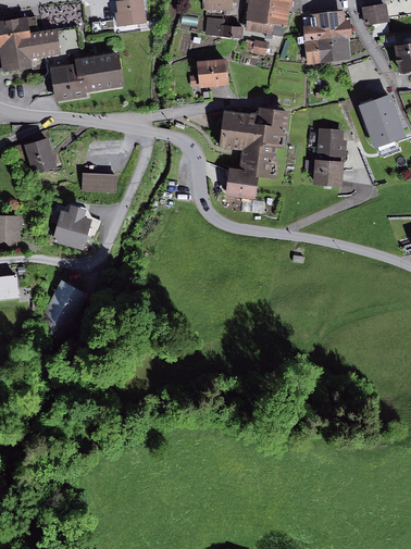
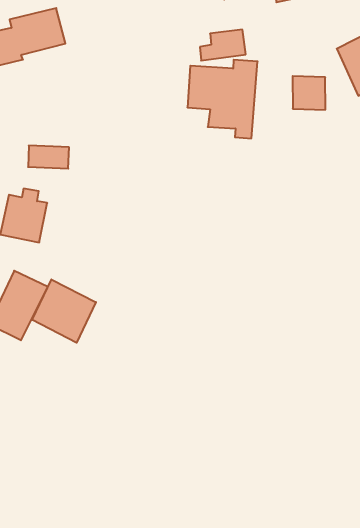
building: [189,62,228,86] -> [200,30,246,61]
building: [311,155,342,187] -> none
building: [225,163,263,202] -> none
building: none -> [32,279,96,343]

